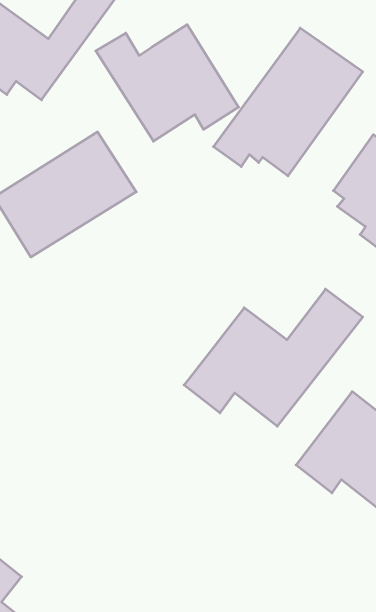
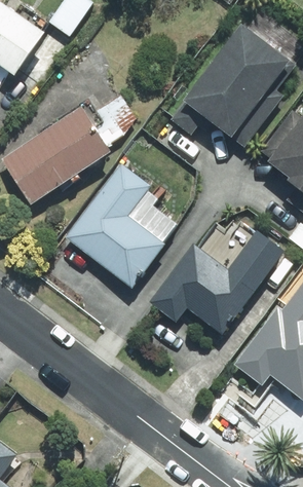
building: [96,25,239,141] -> none
building: none -> [66,160,178,286]

